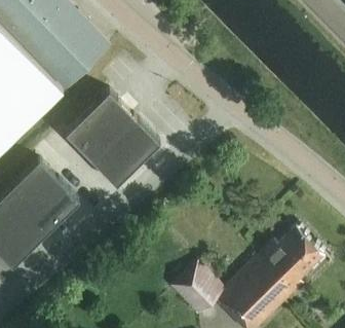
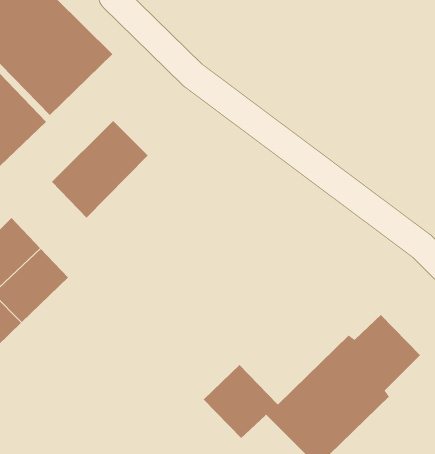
building: [90,114,159,183] -> none

